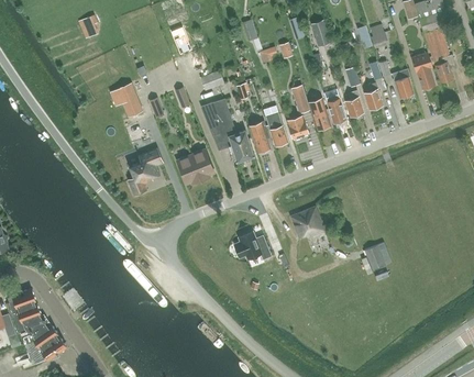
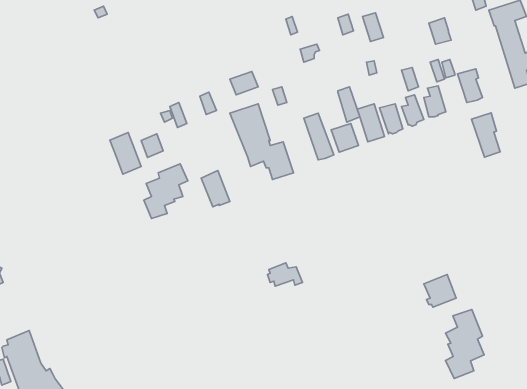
building: [411,53,436,90] -> [472,113,500,157]
building: [115,84,142,119] -> [110,133,141,174]
building: [249,121,271,154] -> none
building: [190,149,214,181] -> none
building: [289,207,324,239] -> none
building: none -> [445,309,484,378]

